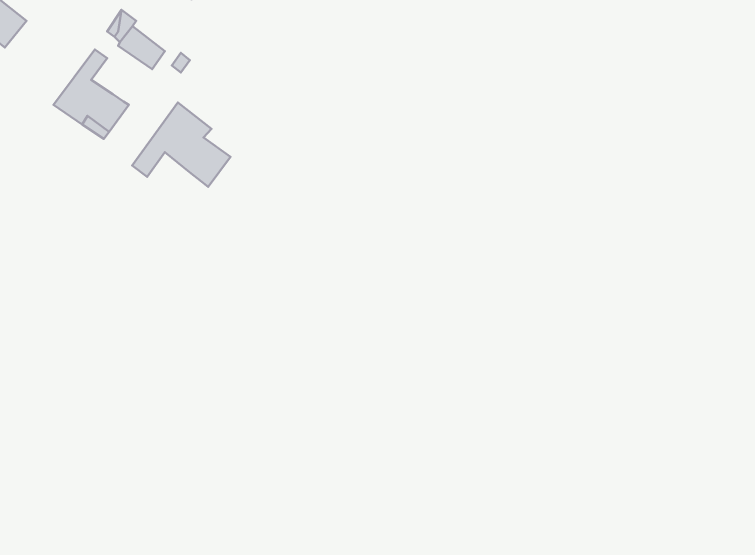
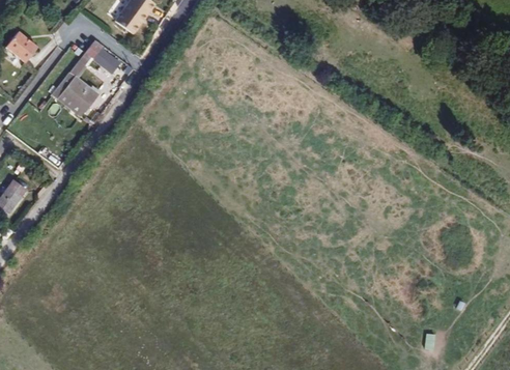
building: [132,103,230,187] -> none

